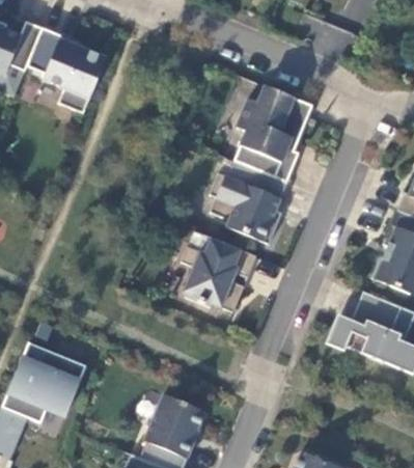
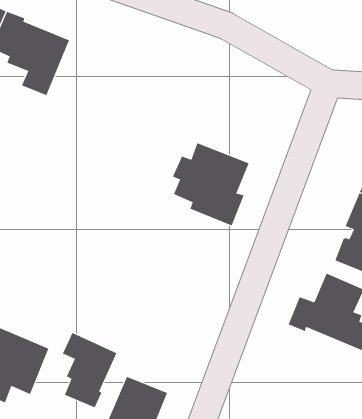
building: [234,88,313,180] -> none
building: [182,236,256,311] -> none
building: none -> [62,332,117,408]

